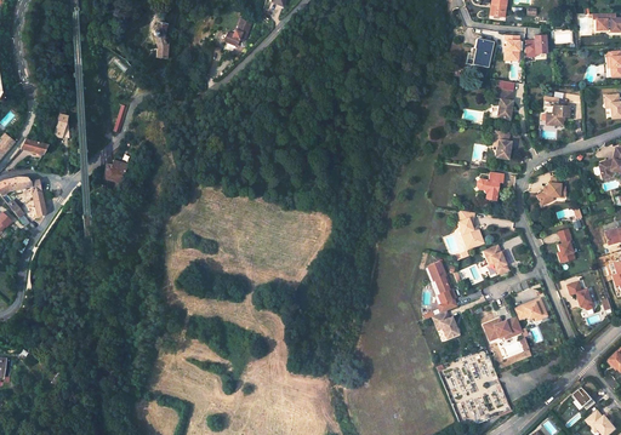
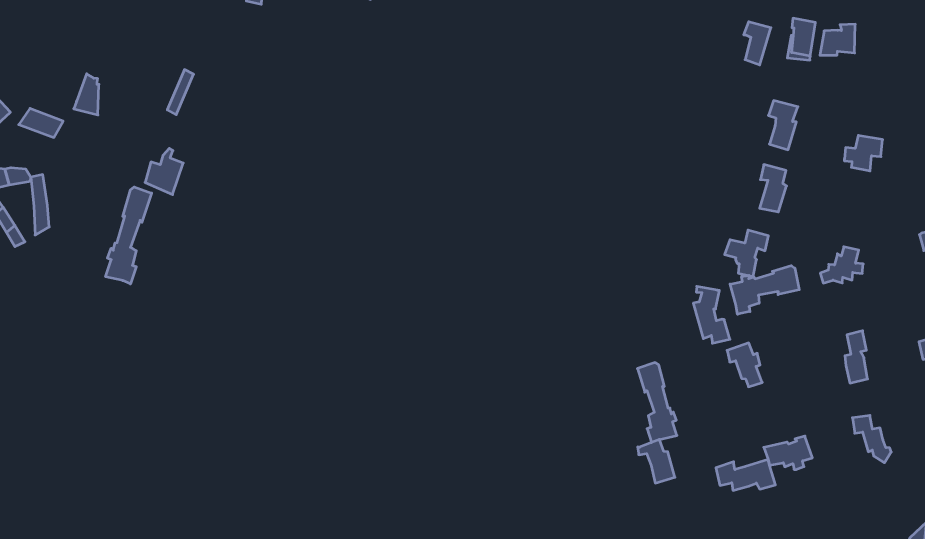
building: none -> [106,187,152,284]
building: none -> [730,266,799,314]

